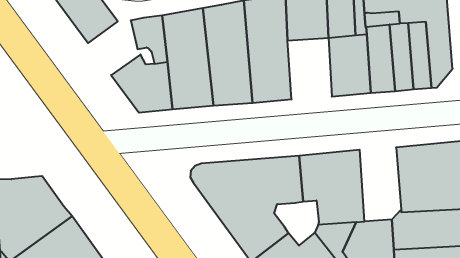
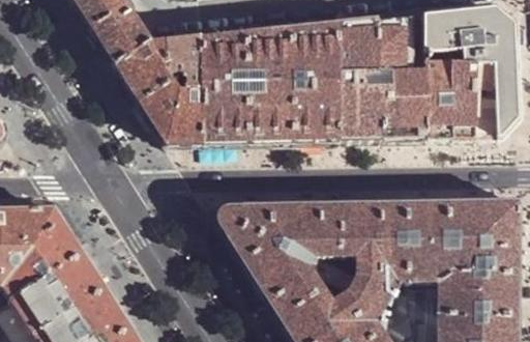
building: none -> [115,39,172,98]
building: none -> [335,74,381,139]
building: none -> [407,200,448,280]
building: none -> [307,253,356,302]

